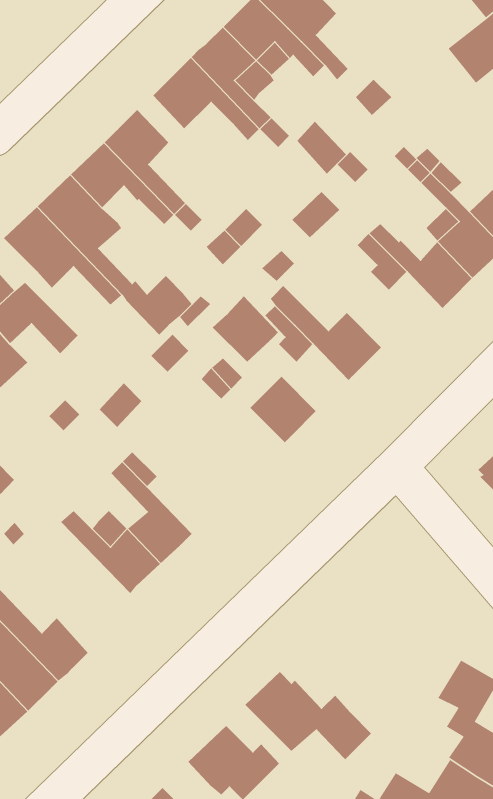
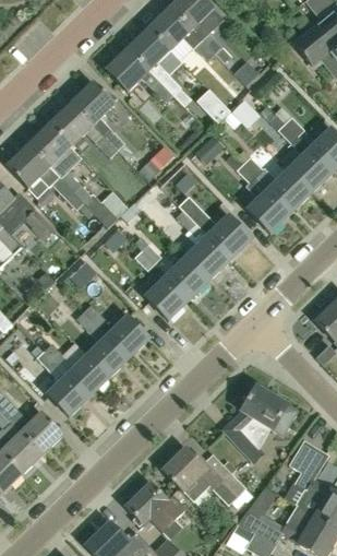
building: none -> [246,187,291,232]
building: [212,295,279,363] -> [186,234,230,277]
building: none -> [145,275,189,319]
building: none -> [107,316,148,357]
building: none -> [35,350,88,416]
building: none -> [222,385,296,459]

